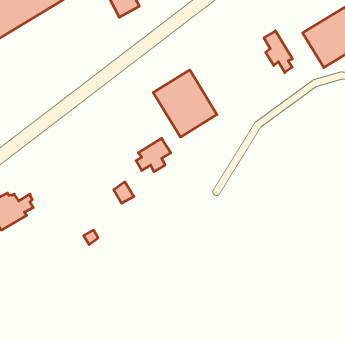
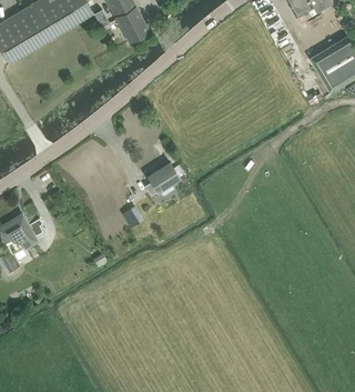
building: [264,31,292,73] -> none
building: [153,70,217,137] -> none

